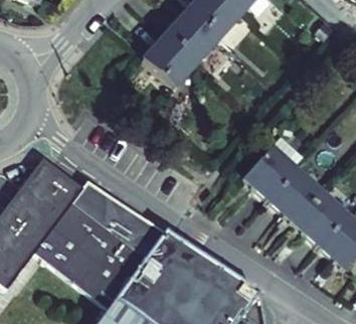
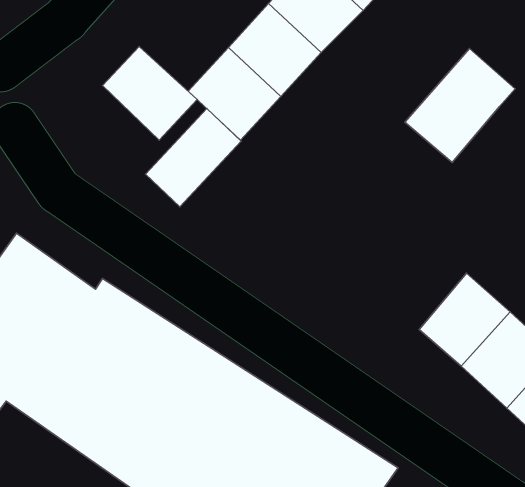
building: none -> [103,47,197,140]
building: none -> [146,109,241,207]
building: [238,143,302,208] -> [405,49,515,162]

